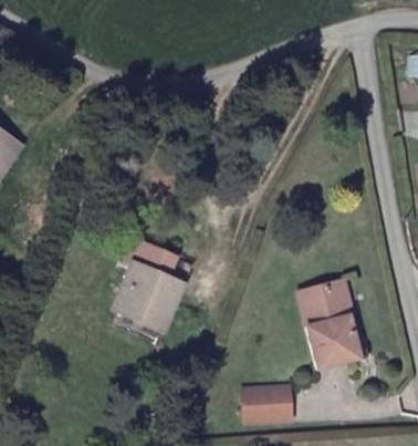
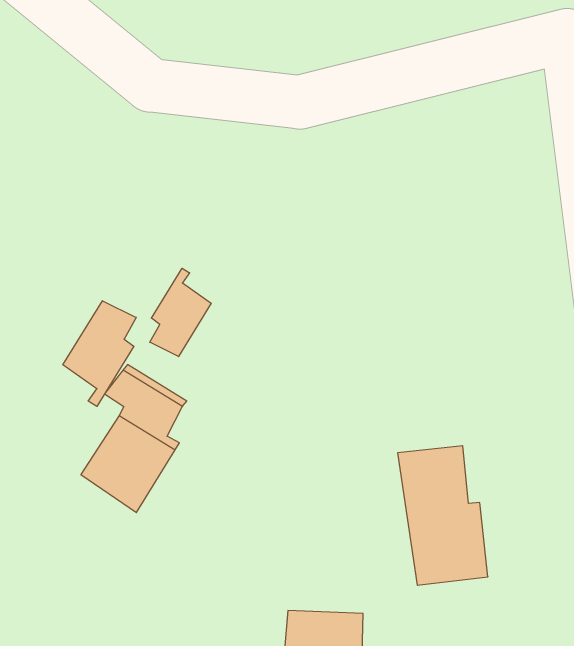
building: none -> [150,268,211,357]
building: none -> [63,301,136,406]

